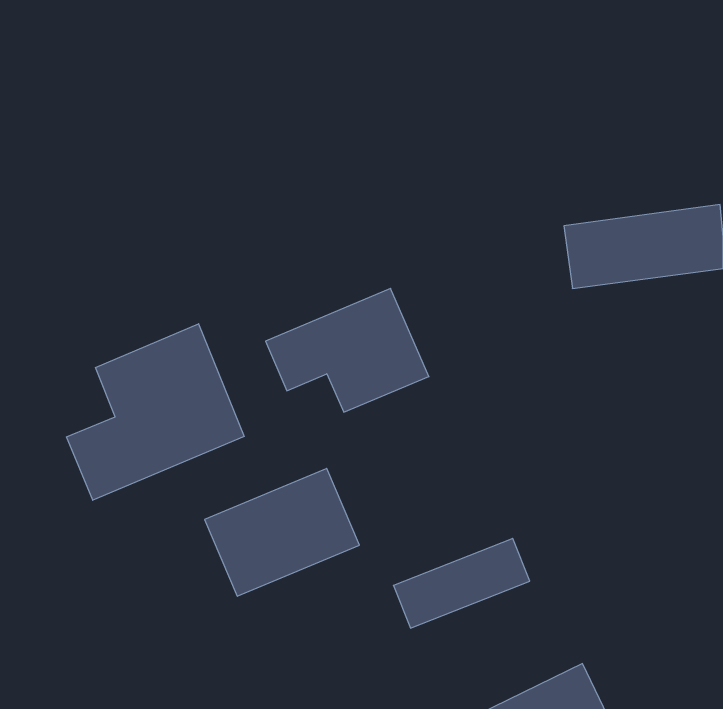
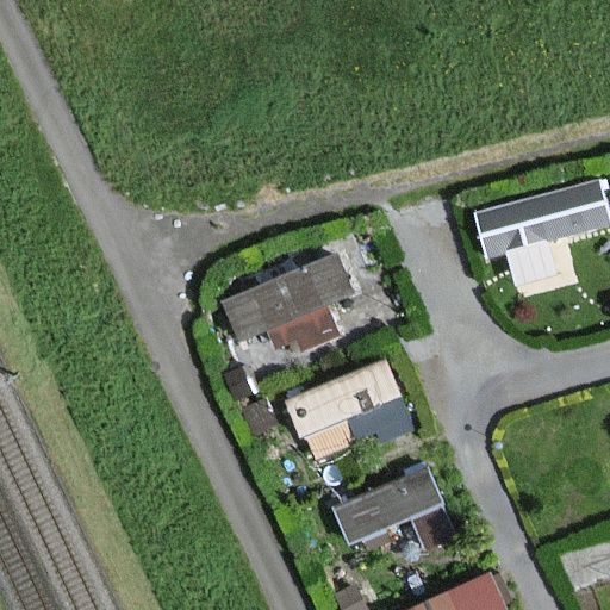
building: [67,324,244,500] -> none
building: [205,468,359,596] -> [286,359,416,466]

